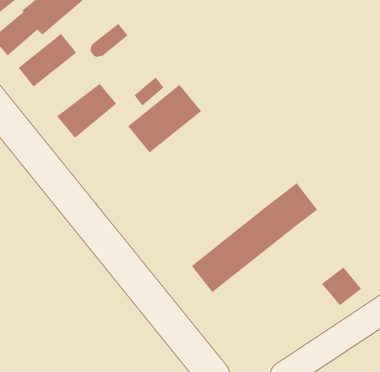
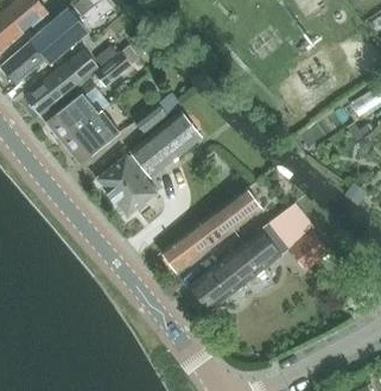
building: none -> [46,96,94,141]
building: none -> [97,153,158,216]
building: none -> [163,188,262,271]
building: [321,266,362,306] -> [291,231,330,269]

